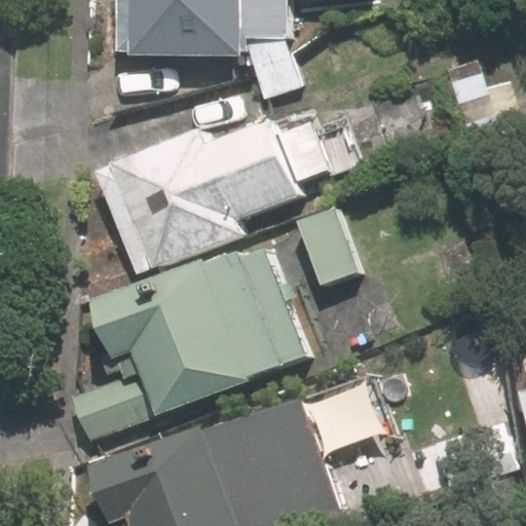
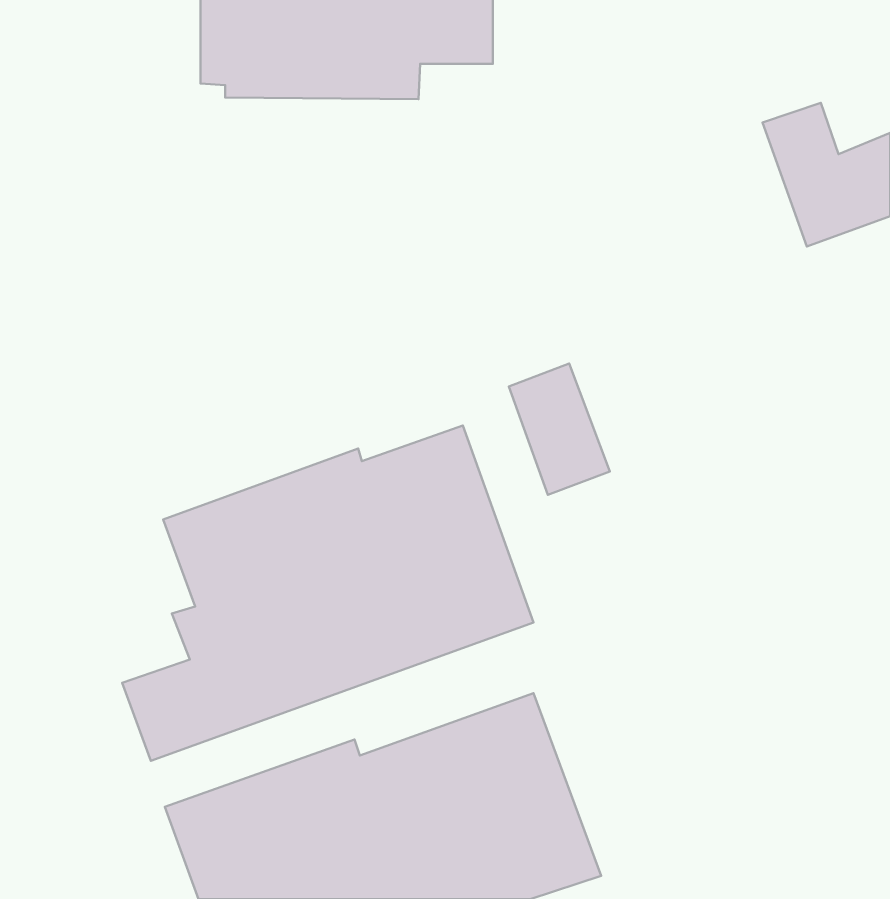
building: [96,117,329,269] -> none

